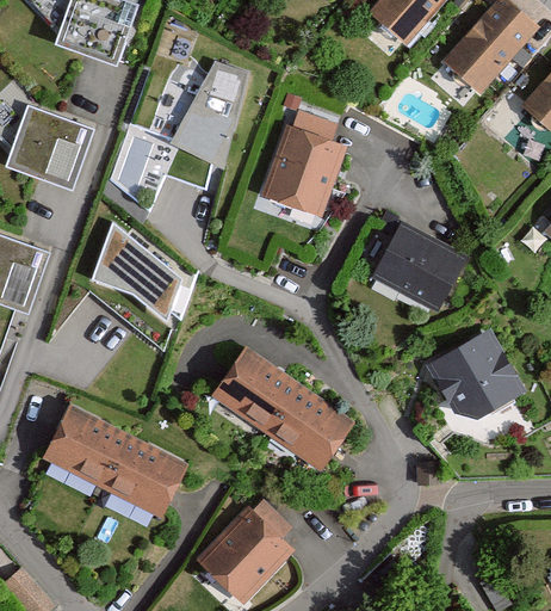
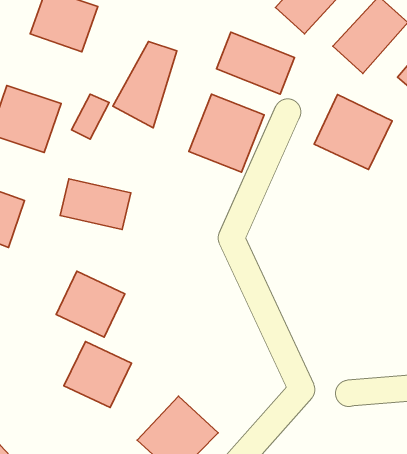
building: none -> [217,32,294,94]
building: [371,221,470,316] -> [314,94,392,170]
building: [422,315,531,414] -> none
building: [206,344,347,462] -> none
building: [41,407,128,490] -> [56,271,125,337]

